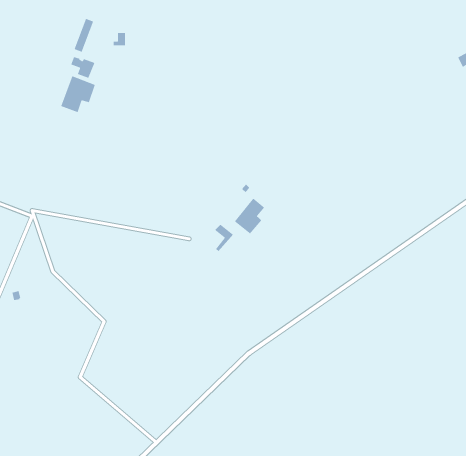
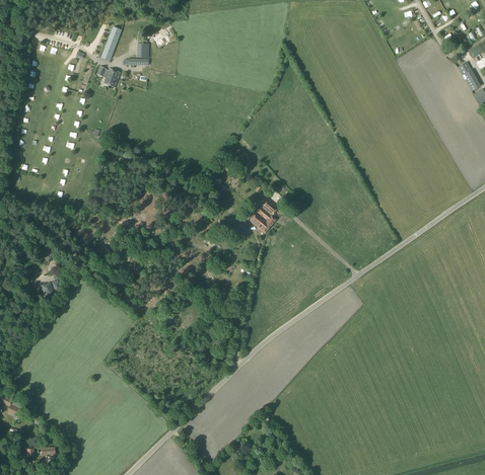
building: [60,75,96,113] -> none

